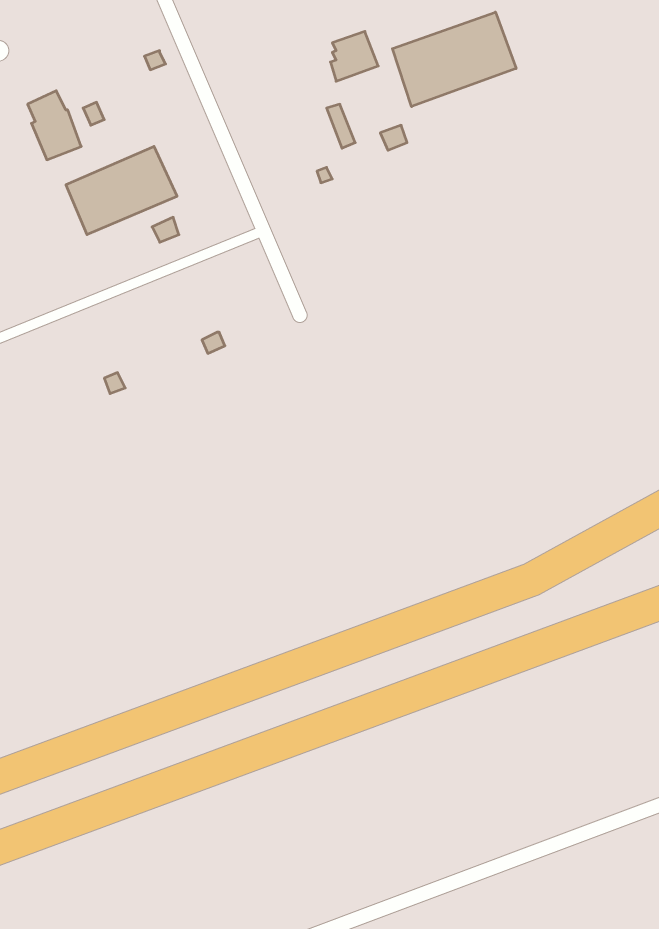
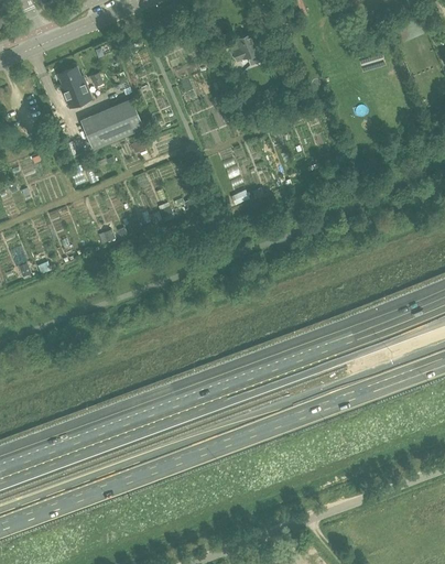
building: [392,12,516,107] -> none

